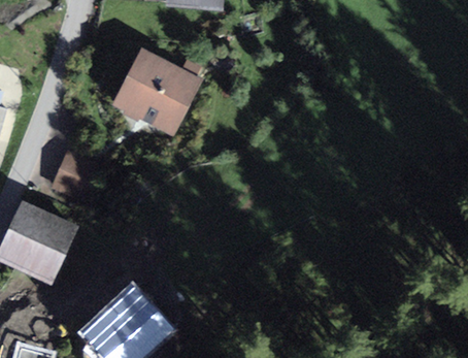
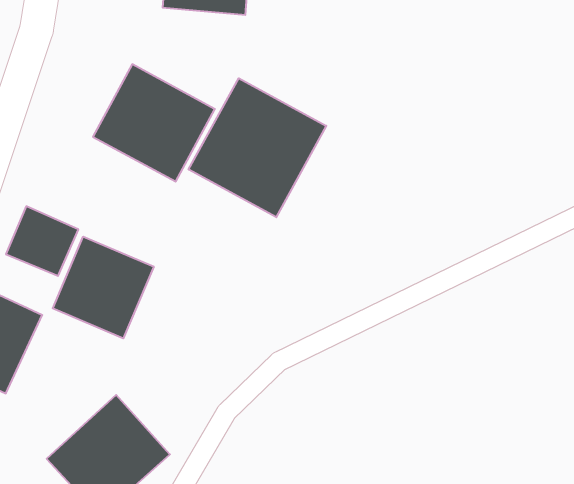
building: none -> [189,78,326,217]
building: none -> [53,237,154,338]

